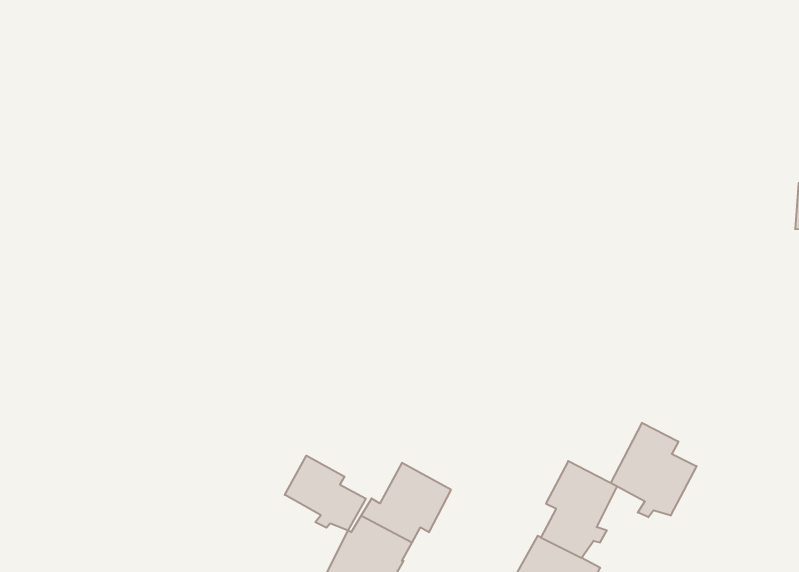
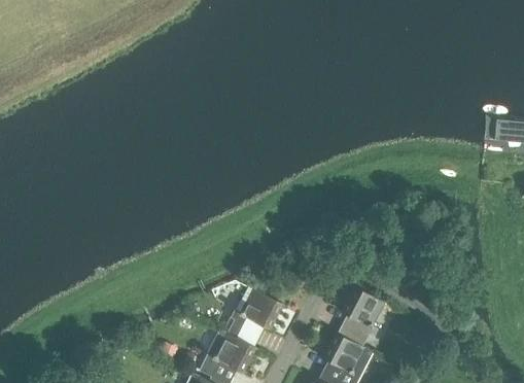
building: [611,423,697,517] -> none
building: [285,456,366,531] -> none

